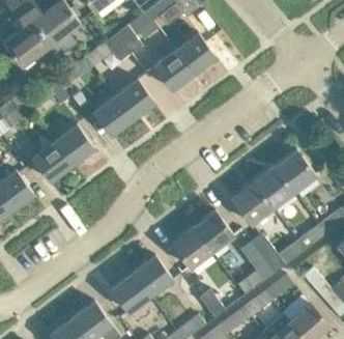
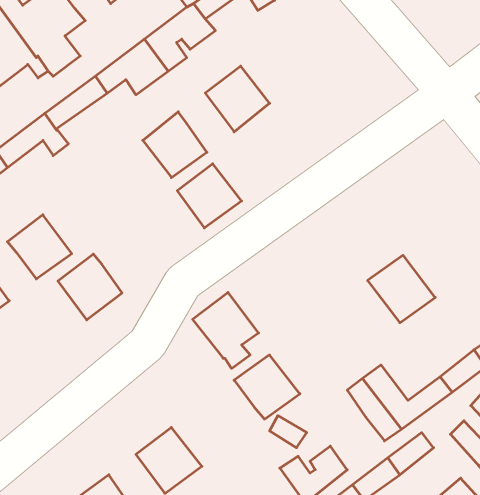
building: [175,34,216,74] -> none
building: [93,96,133,136] -> [177,164,242,228]
building: [54,125,93,166] -> [58,254,122,320]
building: [275,150,315,193] -> none
building: [231,182,273,225] -> none
building: [193,211,233,258] -> [193,292,259,368]
building: [133,256,173,296] -> none

